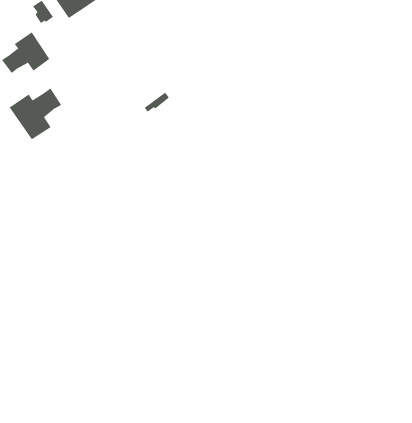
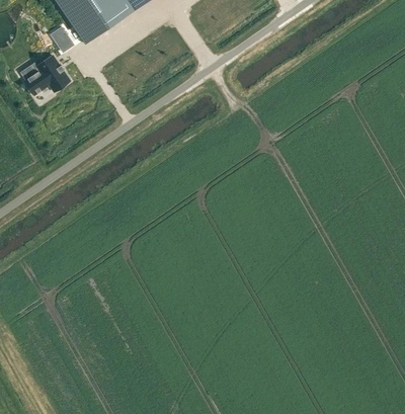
building: [9,88,62,140] -> none

